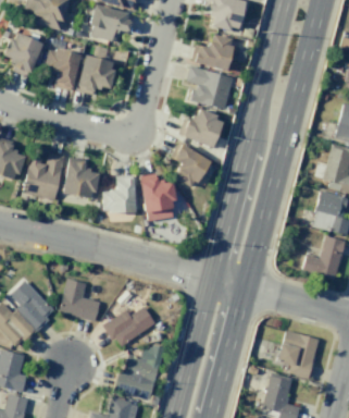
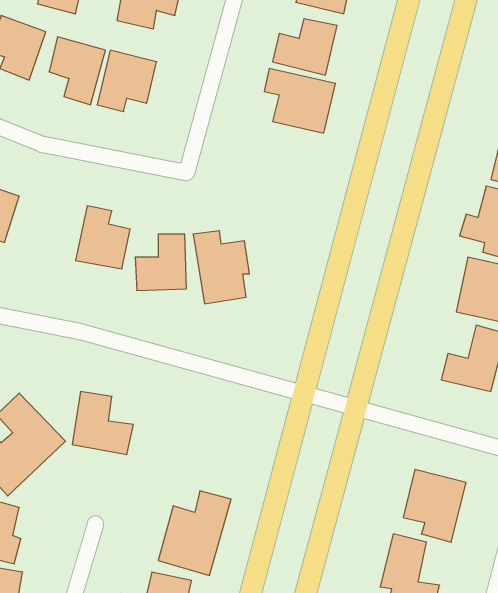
building: [178,109,224,148] -> none
building: [170,142,210,188] -> none
building: [22,152,64,199] -> none
building: [104,306,155,346] -> none

